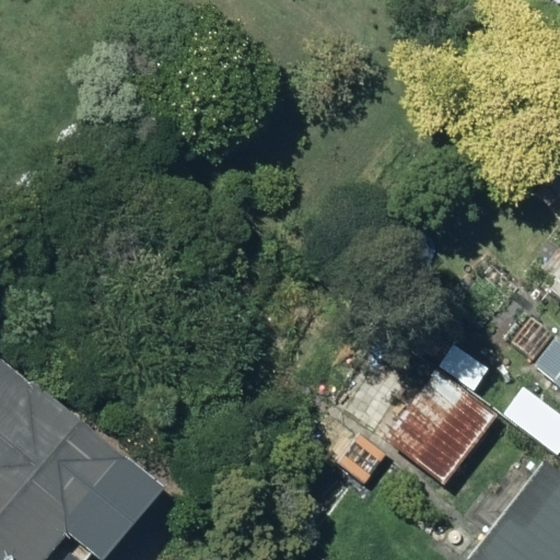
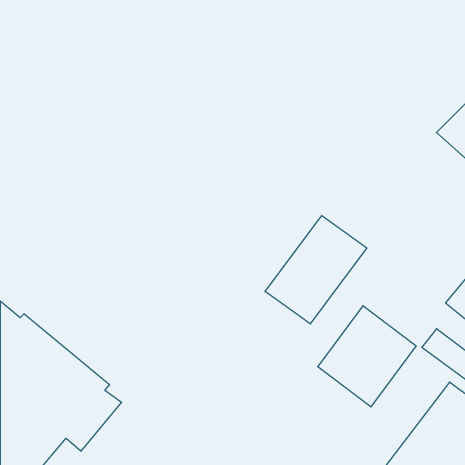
building: none -> [265,215,367,324]

